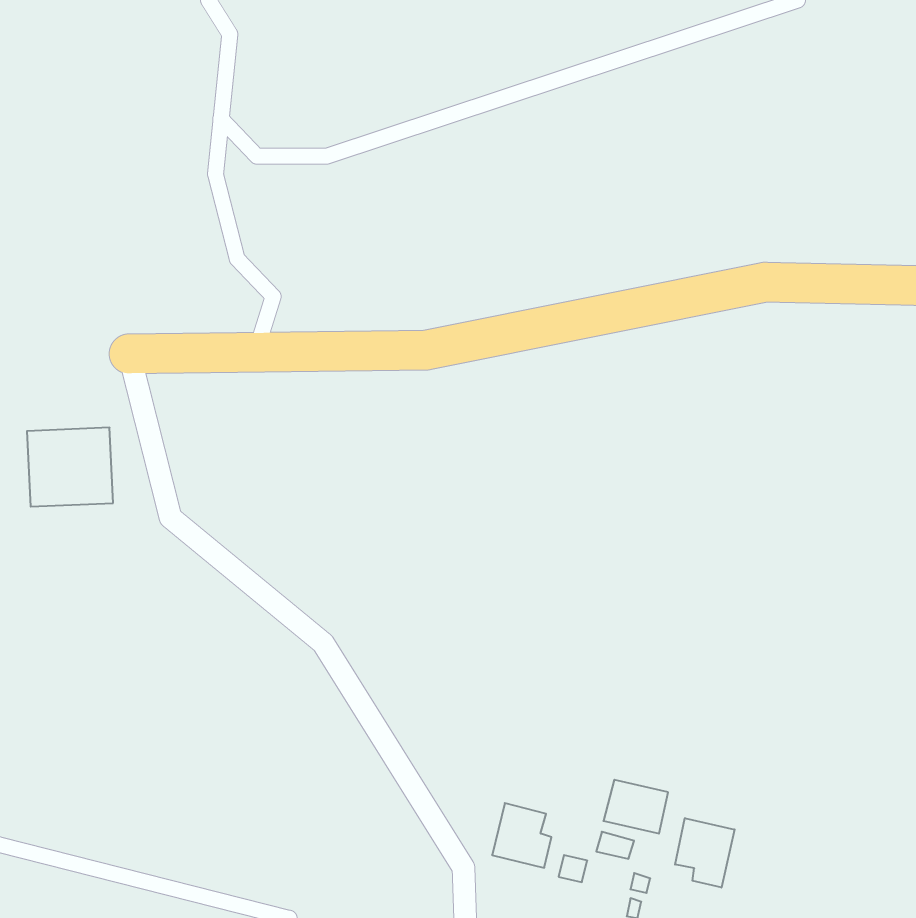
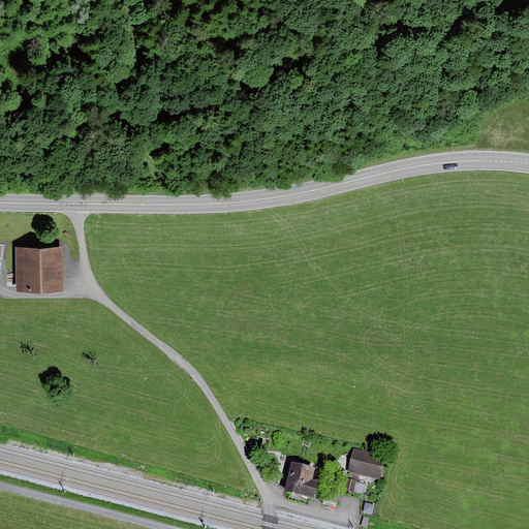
building: [675,818,735,888] -> none

